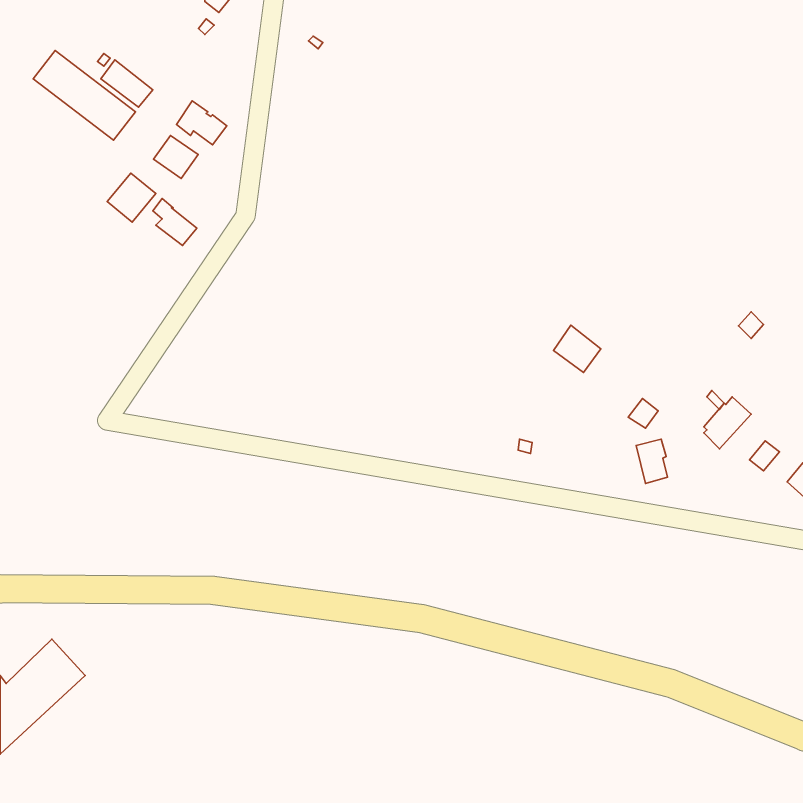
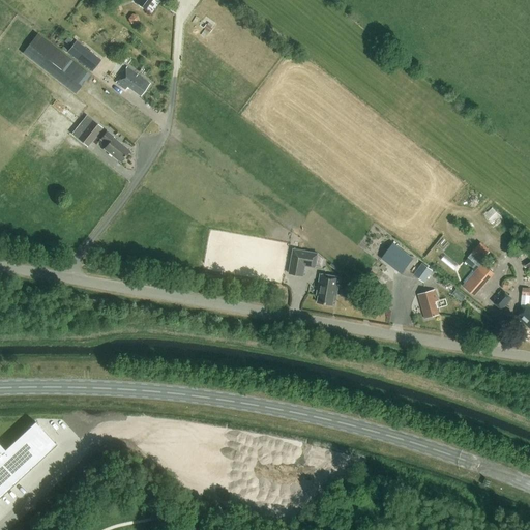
building: [153,135,198,178] -> none
building: [553,325,601,372] -> [383,242,414,273]
building: none -> [288,246,319,275]
building: none -> [318,273,341,304]

